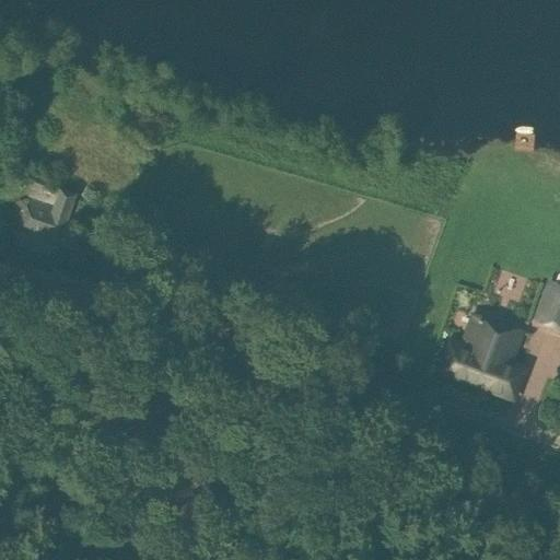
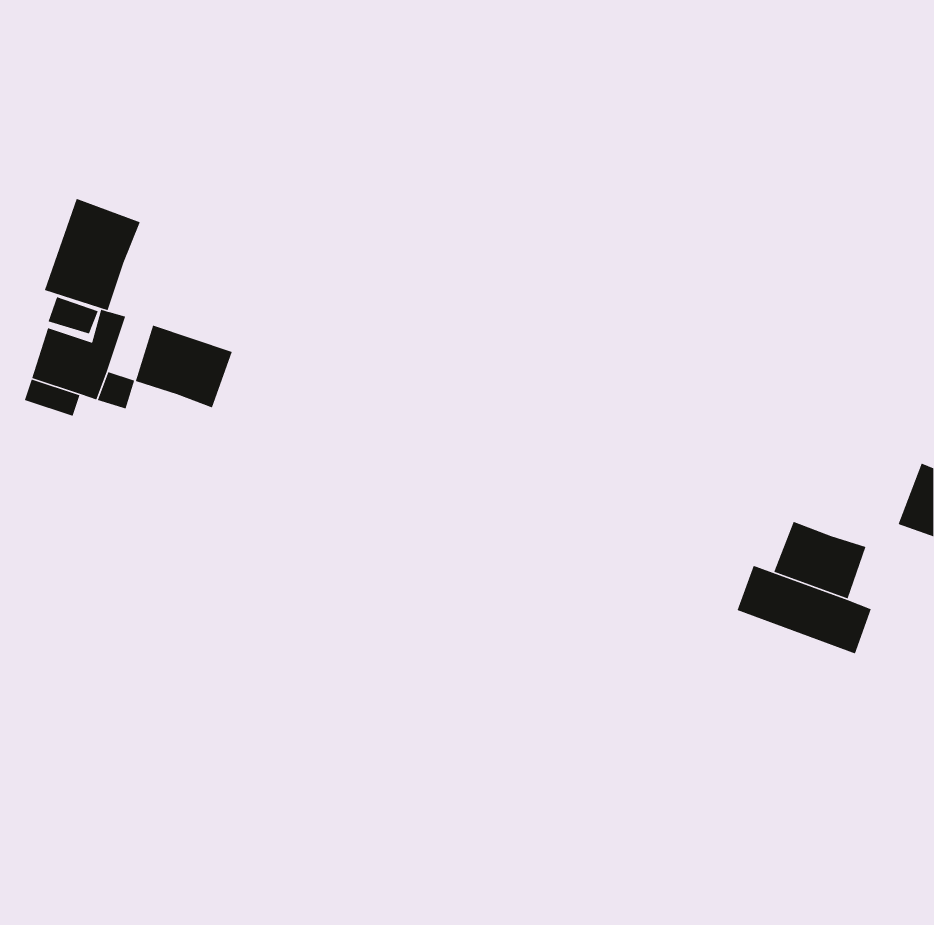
building: none -> [44,198,141,311]
building: none -> [135,325,233,409]

